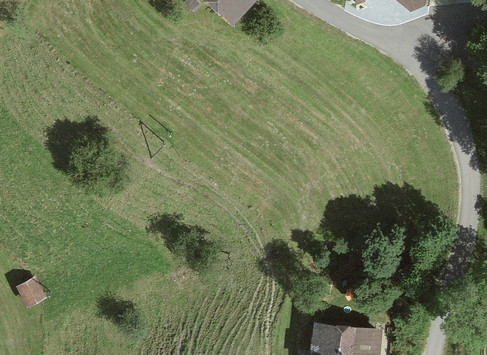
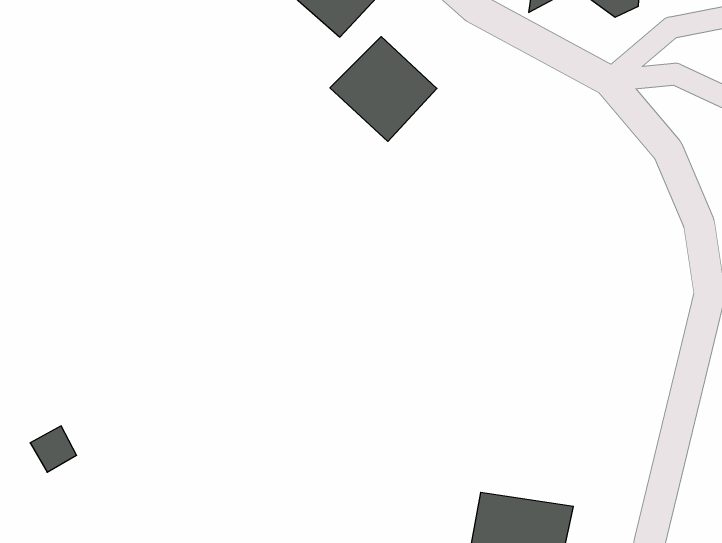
building: none -> [330,37,437,141]

